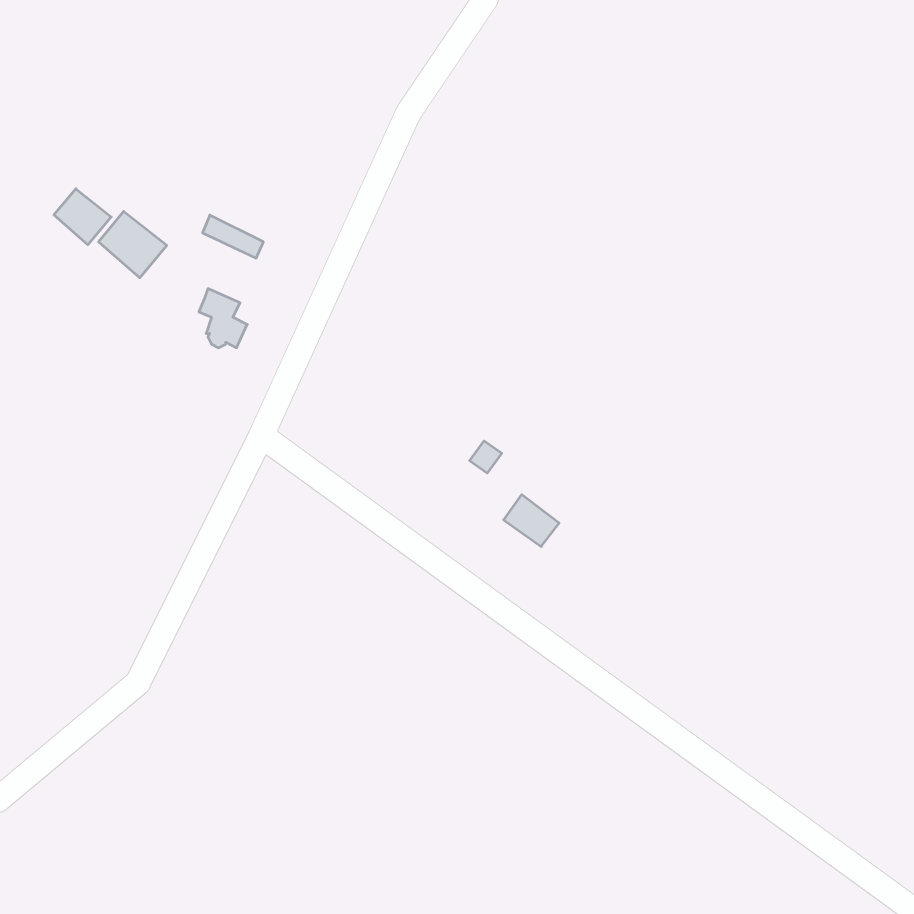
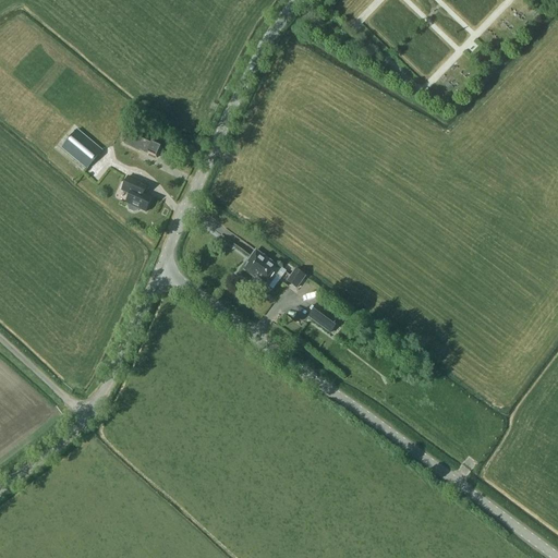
building: [54,189,111,245] -> none
building: none -> [243,250,280,284]

